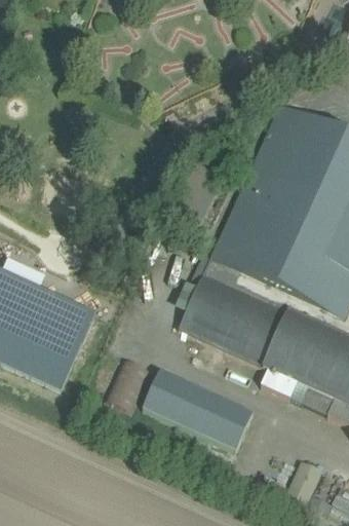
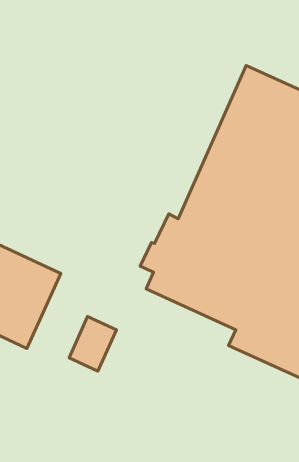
building: [142,368,253,449] -> none

